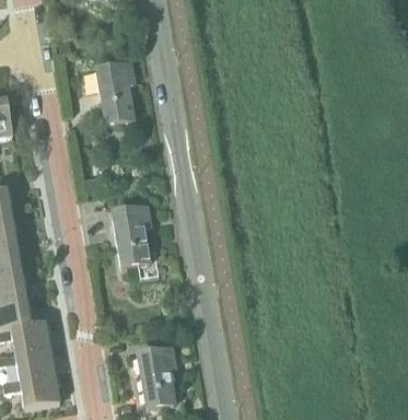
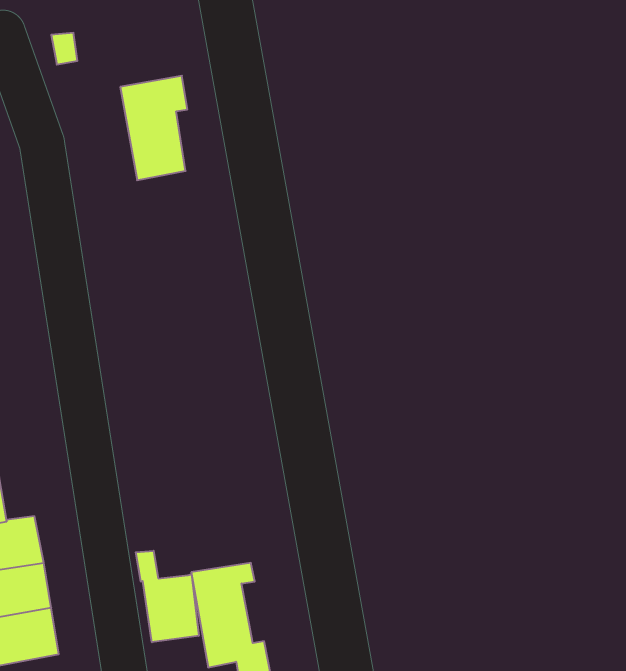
building: [112,206,150,268] -> none
building: none -> [136,551,199,642]

